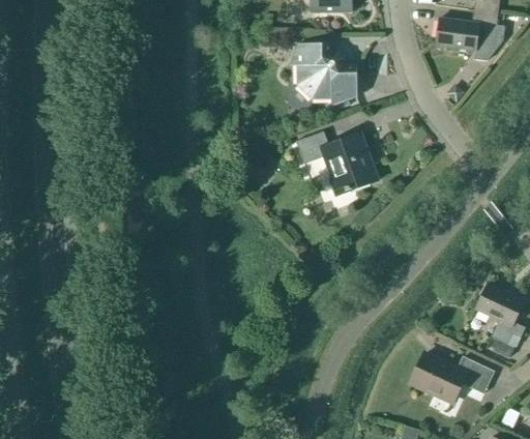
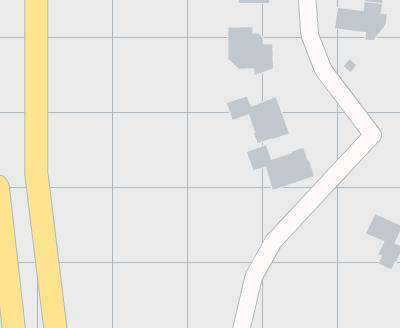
building: none -> [246,145,315,191]
building: [411,353,494,403] -> none

